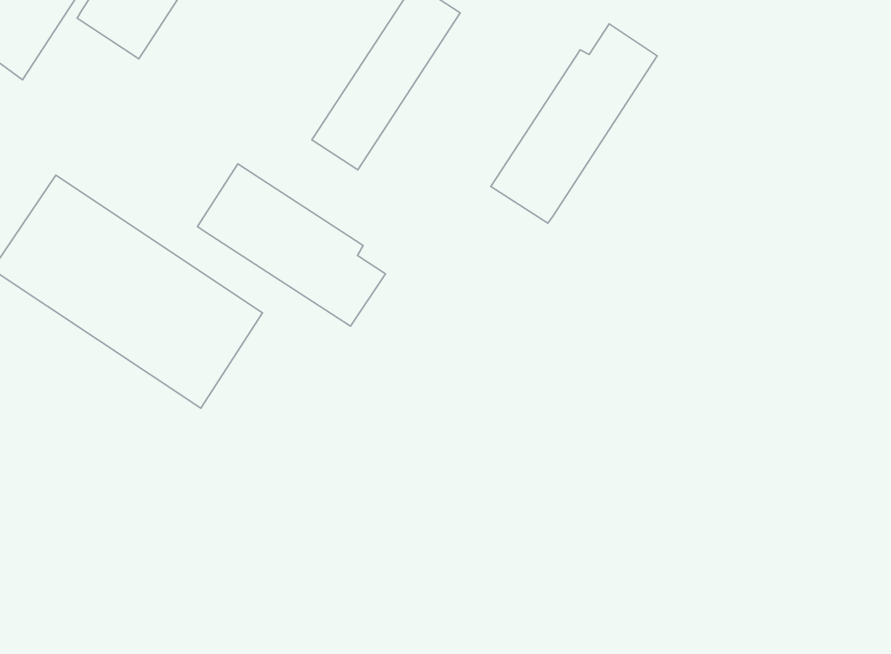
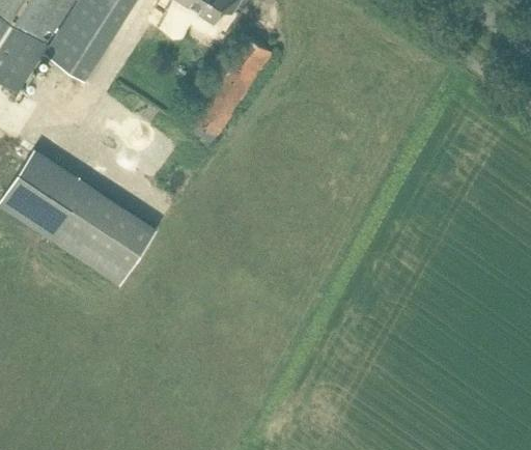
building: [491,24,657,223] -> none
building: [197,164,386,326] -> none

